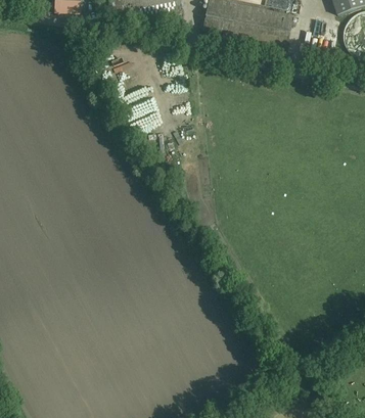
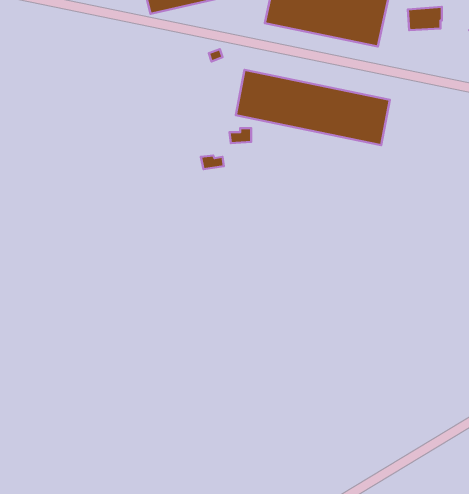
building: none -> [236,70,390,145]

